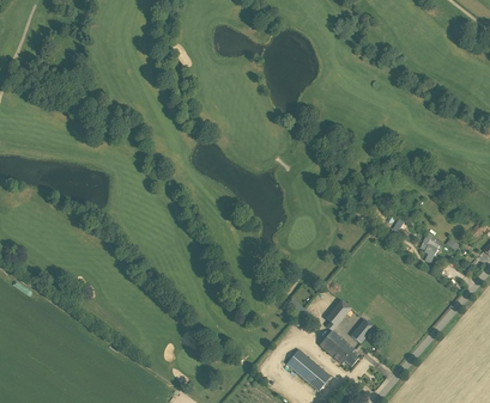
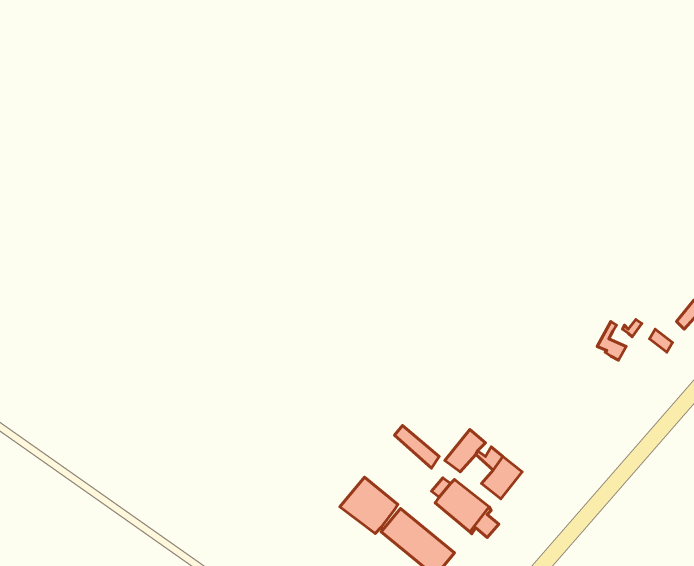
building: none -> [340,477,398,533]

